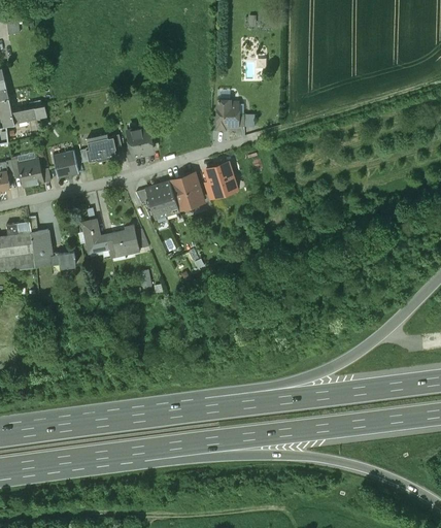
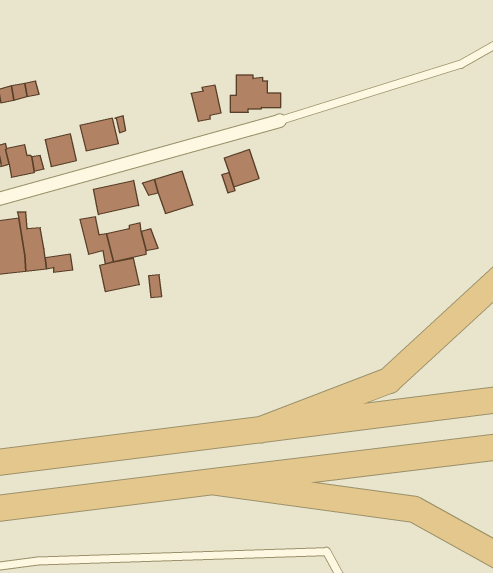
building: [127,125,152,156] -> [191,85,221,121]
building: [169,173,202,207] -> none
building: none -> [93,180,139,215]
building: none -> [100,258,139,292]

